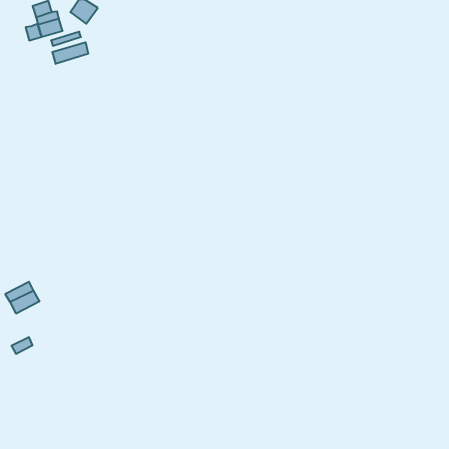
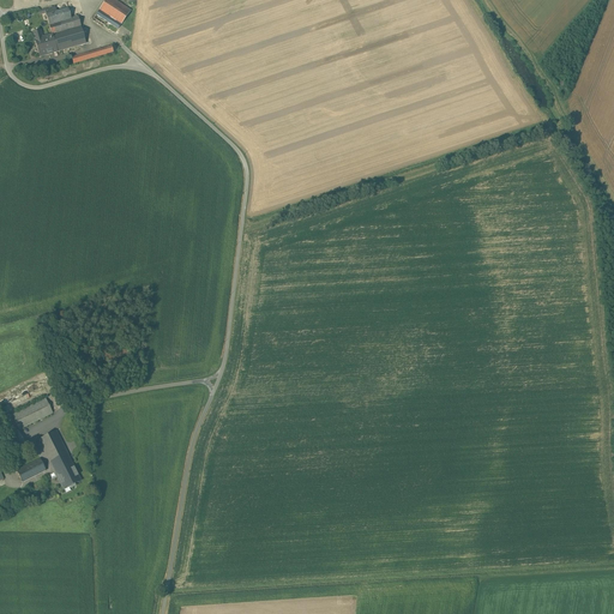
building: [52,42,88,64] -> none
building: none -> [40,431,77,480]

